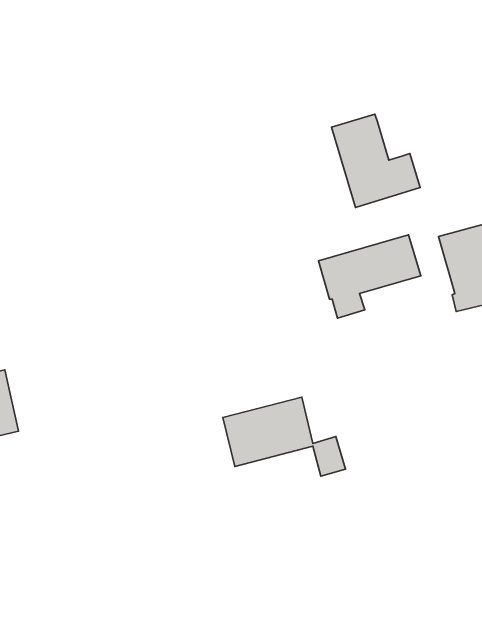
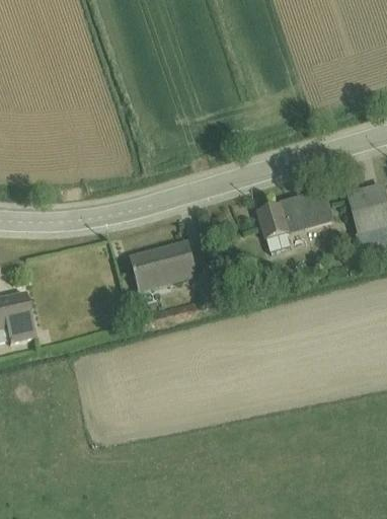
building: [331,114,420,207] -> none
building: [223,397,345,476] -> [131,240,222,299]

